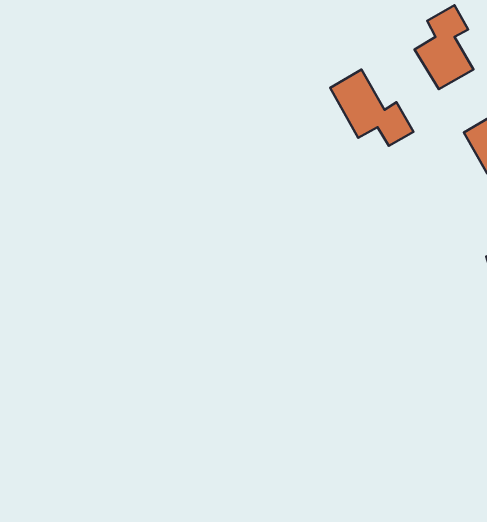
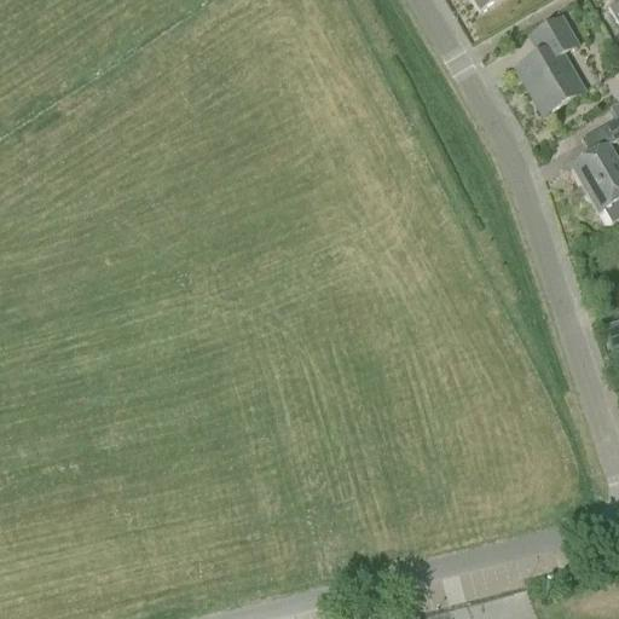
building: [330,70,414,146] -> none

